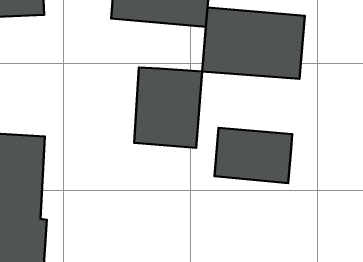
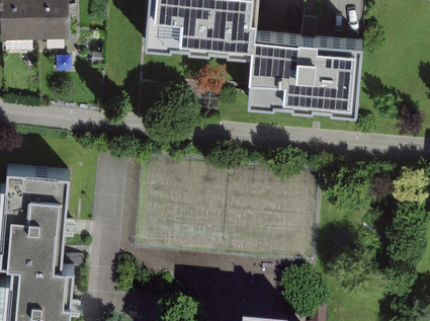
building: [134,67,202,148] -> none
building: [215,128,292,183] -> none

